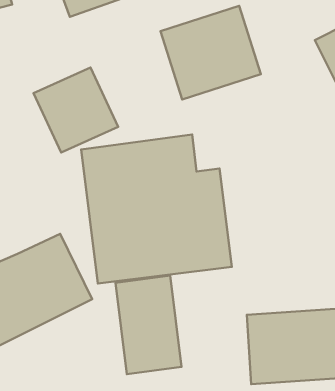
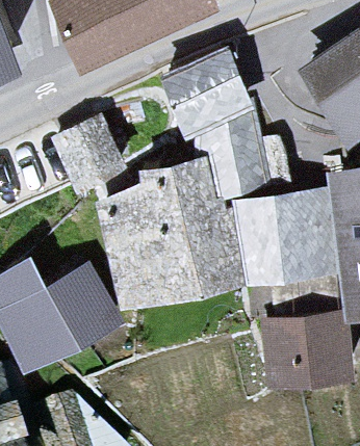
building: none -> [198,110,271,196]
building: none -> [238,191,319,283]
building: [115,276,181,374] -> none

